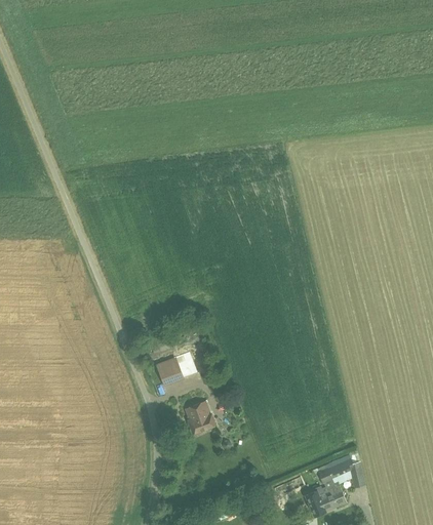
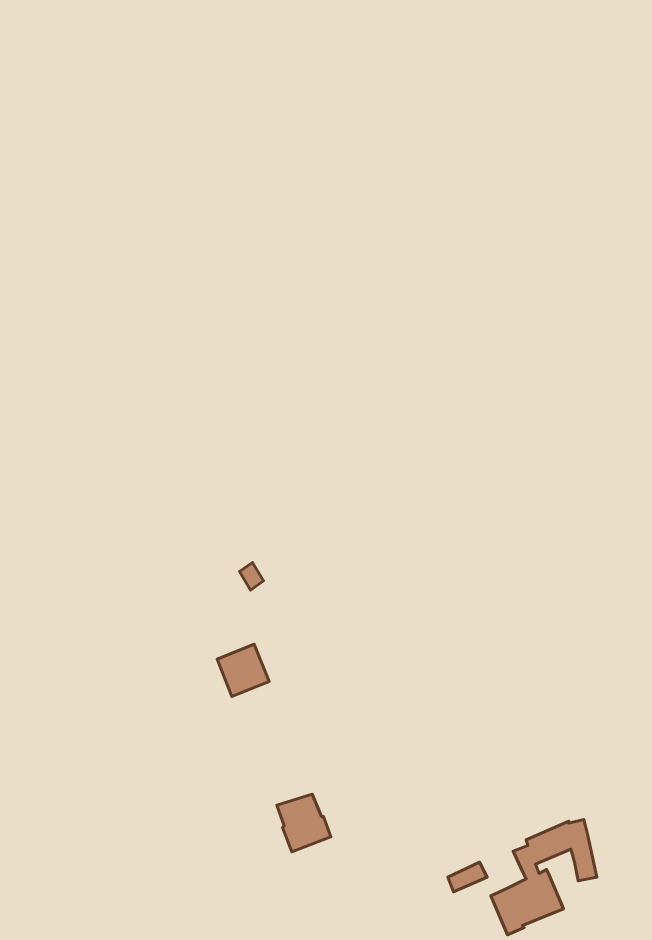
building: [185,401,214,433] -> [277,794,331,852]

